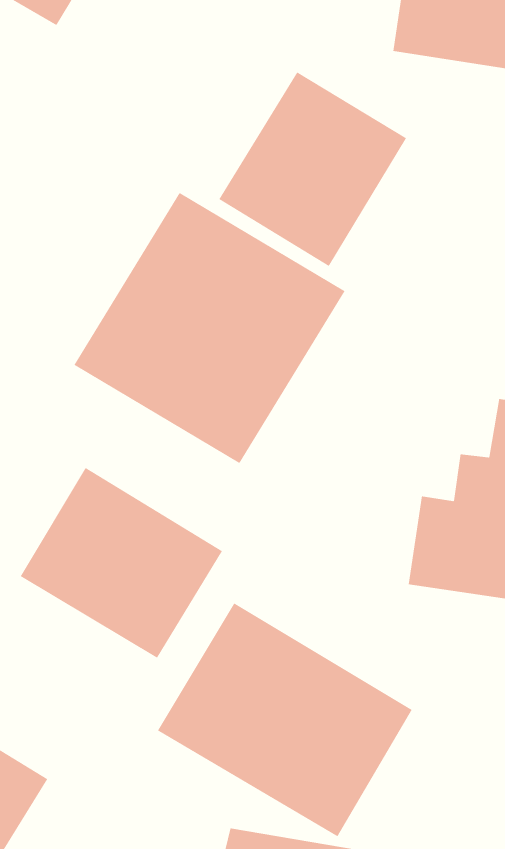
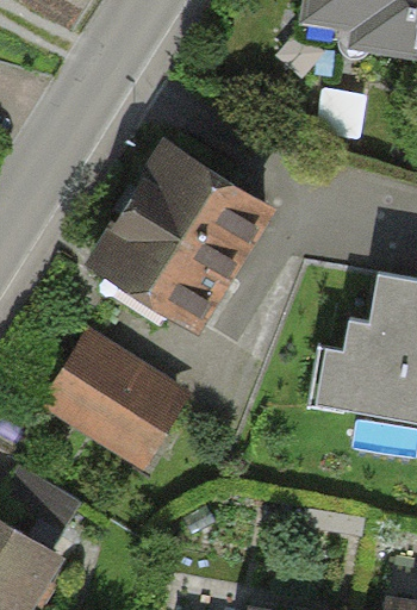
building: [219,72,407,267] -> none
building: [157,602,413,837] -> none

